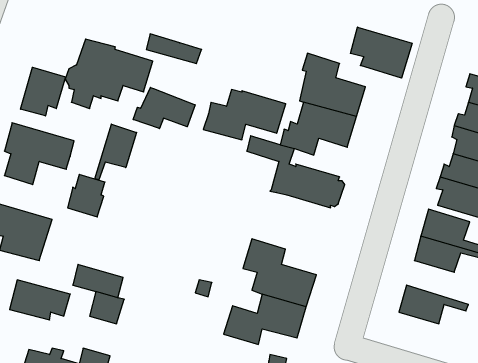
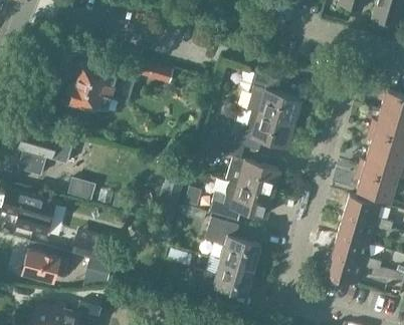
building: [350,27,412,78] -> none
building: [21,67,66,116] -> none
building: [133,87,195,129] -> none
building: [203,90,286,140] -> [208,183,272,222]
building: [95,124,137,180] -> none
building: none -> [332,235,381,269]

